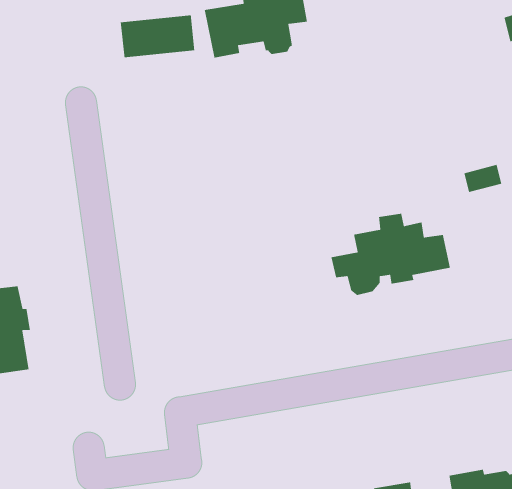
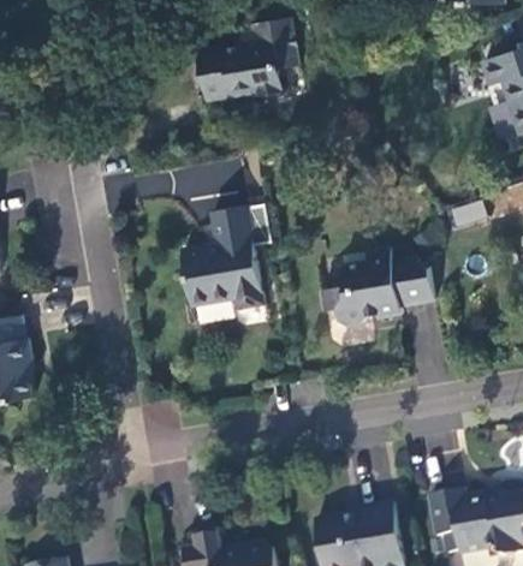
building: [120,14,195,58] -> [168,160,240,202]
building: none -> [182,207,262,309]

